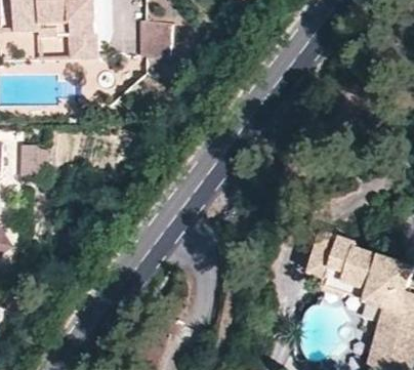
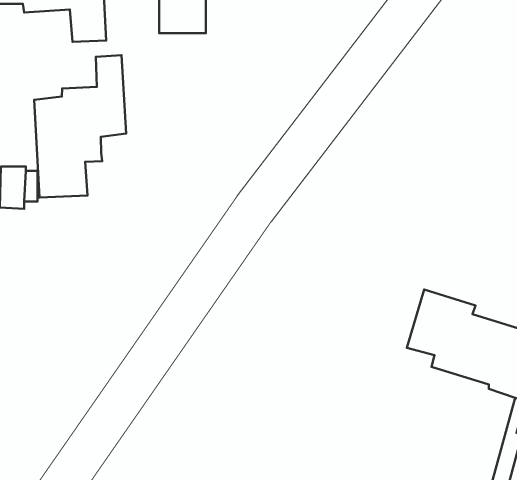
building: none -> [34,55,126,197]

